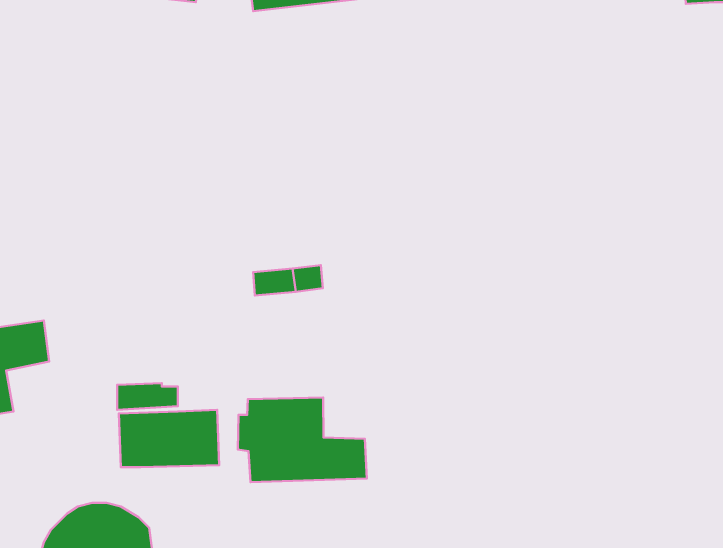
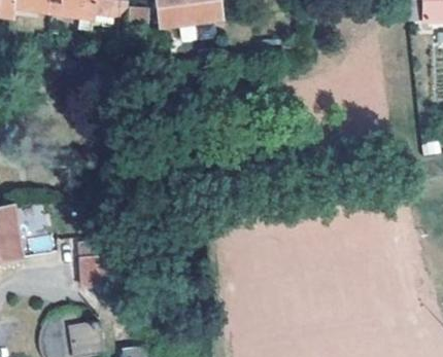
building: [238,398,367,482] -> none

